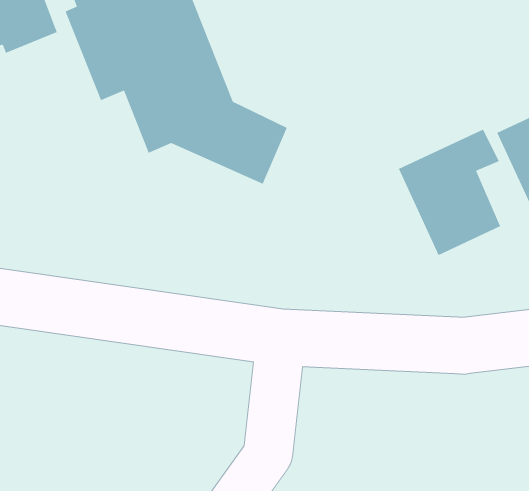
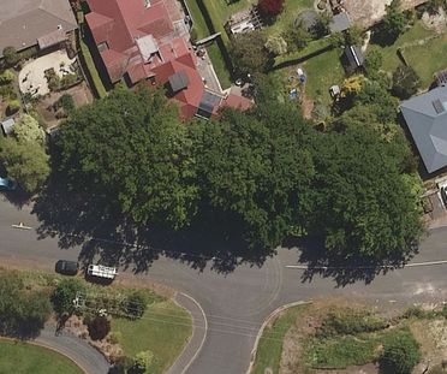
building: [398,129,501,256] -> none

